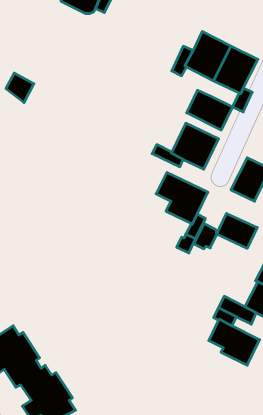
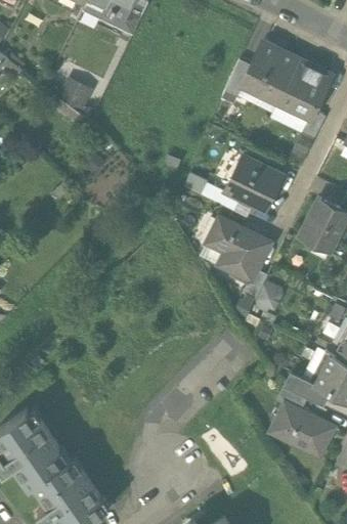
building: [6,73,34,103] -> [58,77,93,114]
building: [187,90,232,130] -> none
building: [217,213,257,248] -> none

